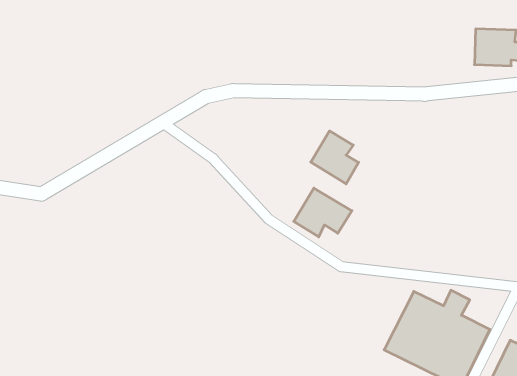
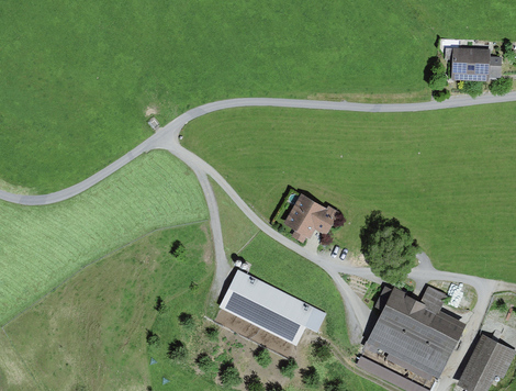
building: [311,131,359,184] -> none
building: none -> [217,268,328,345]

